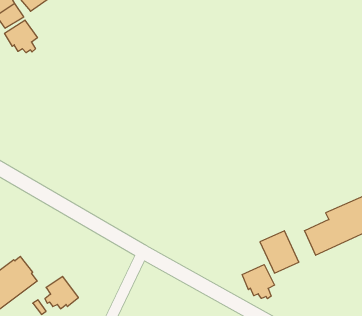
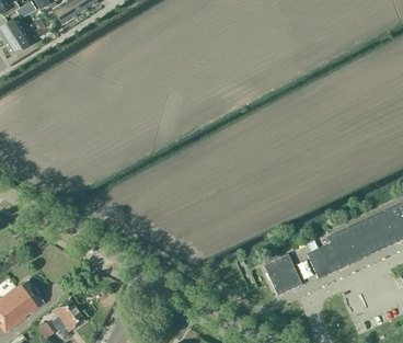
building: [5,20,37,53] -> none
building: [242,265,275,299] -> none

